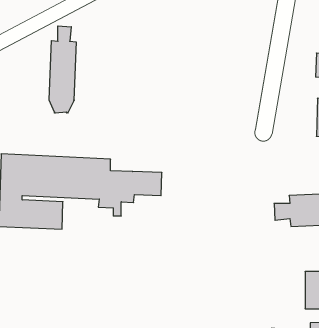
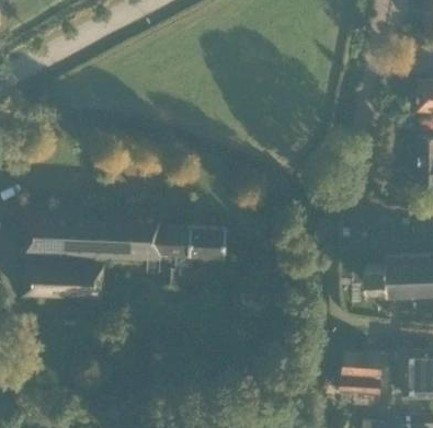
building: [49,26,76,113] -> none
building: none -> [339,352,383,396]

